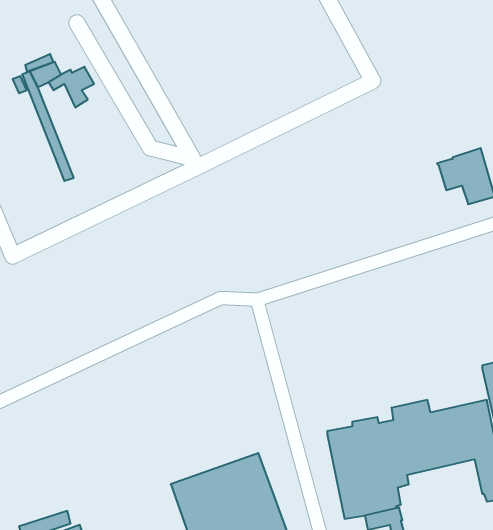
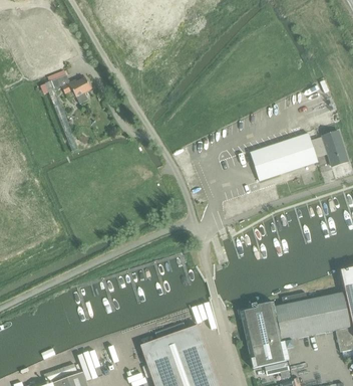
building: none -> [251,134,318,181]

